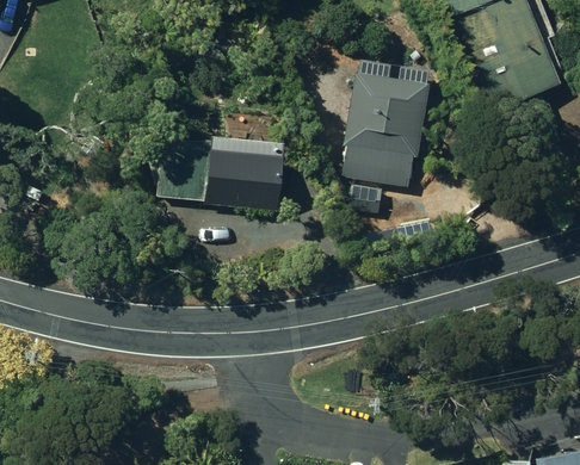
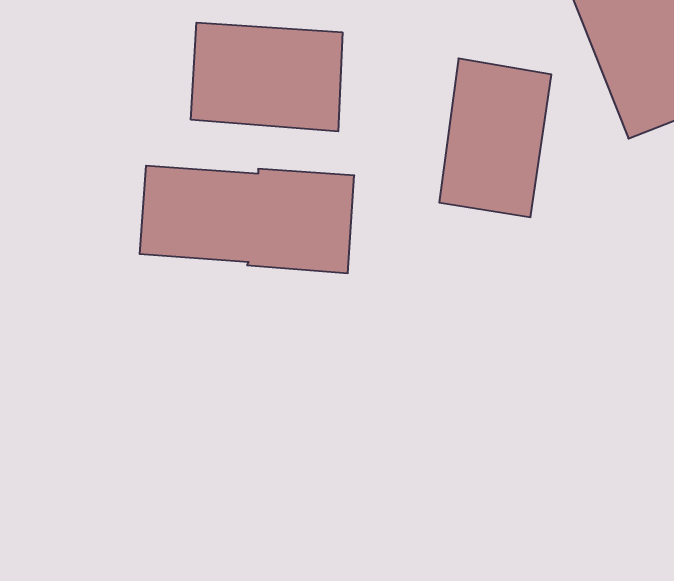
building: none -> [191,23,342,131]

